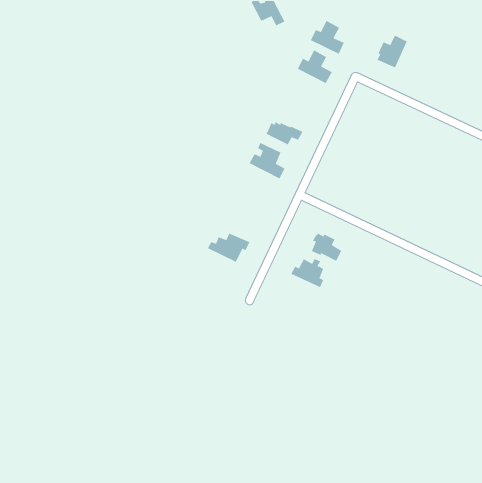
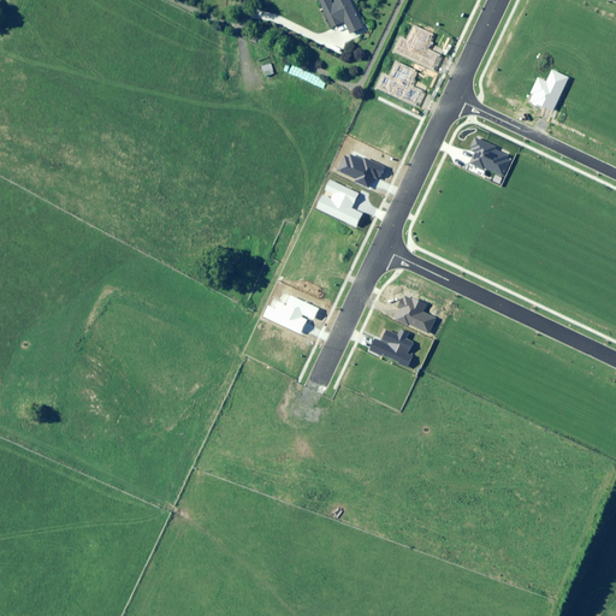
building: [376,35,408,69] -> [531,69,570,112]
building: none -> [470,136,511,176]

